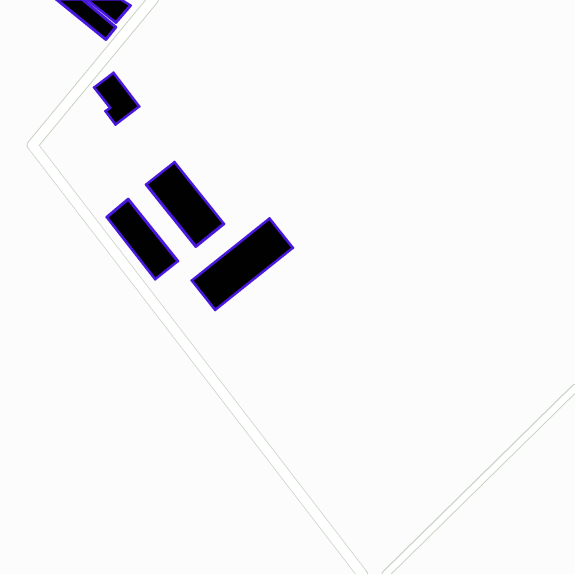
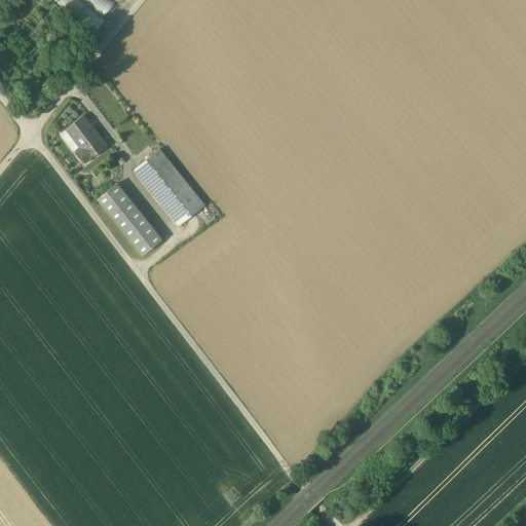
building: [94,73,139,125] -> [66,114,107,161]
building: [192,218,293,310] -> none

